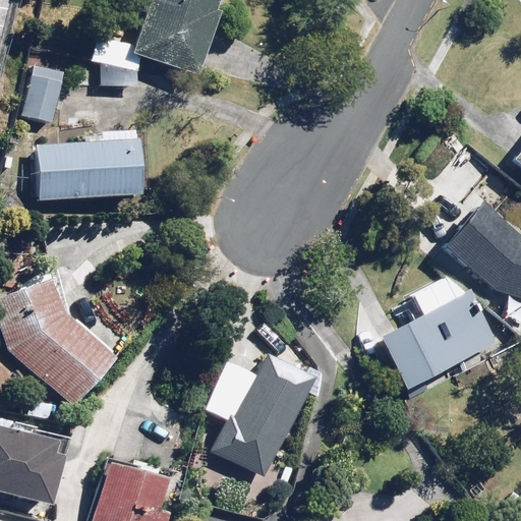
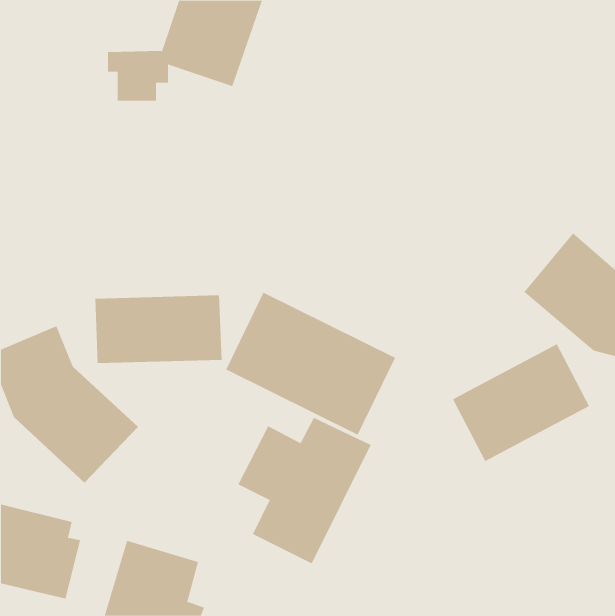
building: [20,62,65,122] -> none
building: [37,139,144,197] -> [95,295,222,364]
building: none -> [225,292,396,436]

